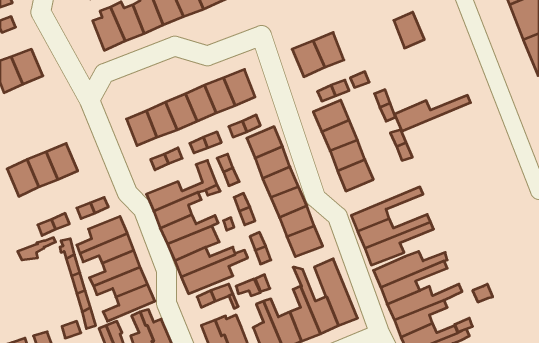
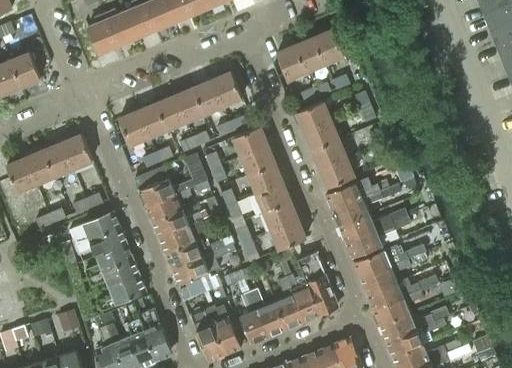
building: [394,12,424,48] -> [316,29,345,63]
building: [395,95,471,131] -> [326,176,398,210]
building: none -> [63,134,93,168]

